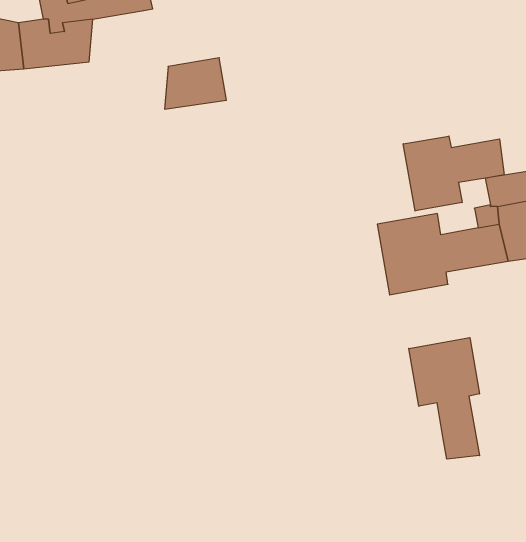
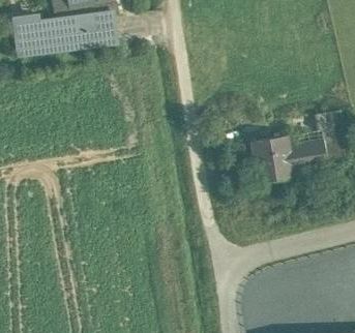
building: [165,58,226,109] -> [82,18,118,48]
building: [403,136,504,211] -> none
building: [409,338,480,459] -> none

